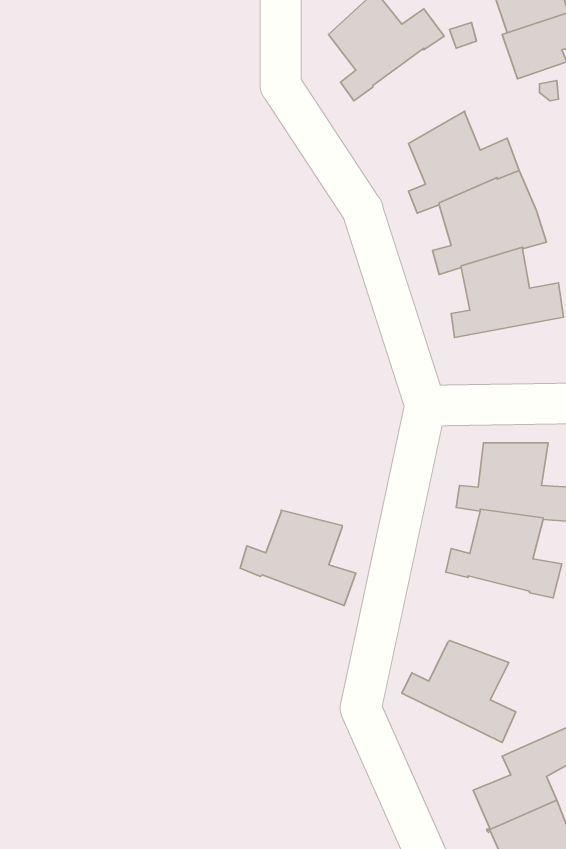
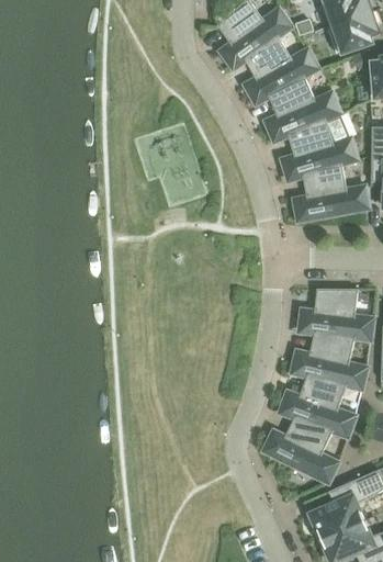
building: none -> [245,35,317,104]
building: [240,510,356,606] -> [280,375,354,437]

